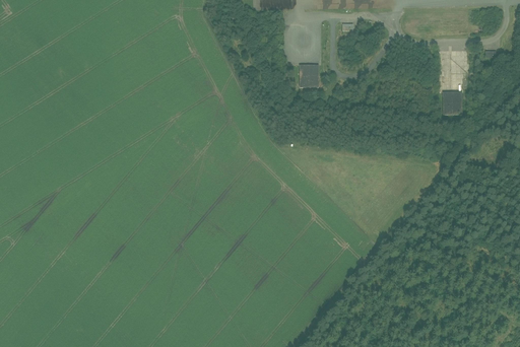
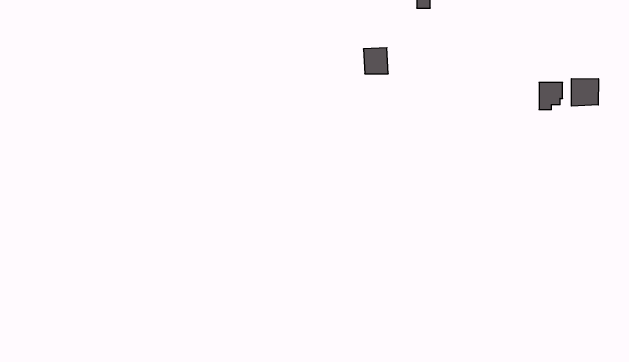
building: none -> [571,79,598,106]

